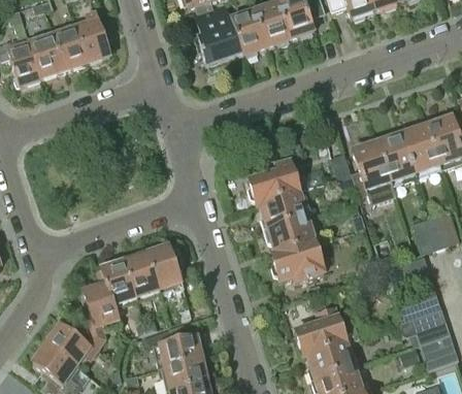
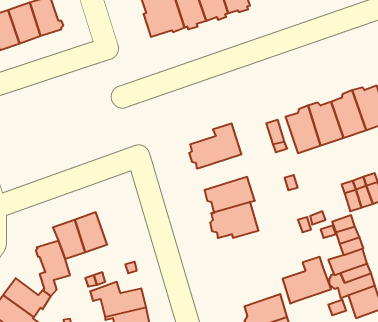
building: [260,190,310,229] -> none
building: [146,245,184,291] -> none
building: [294,306,346,357] -> [283,257,331,304]

